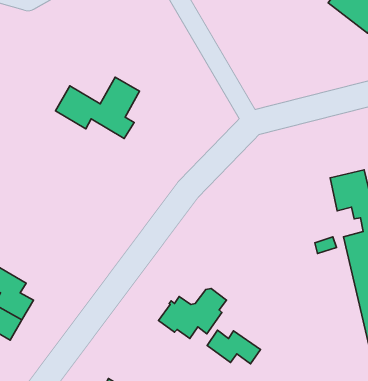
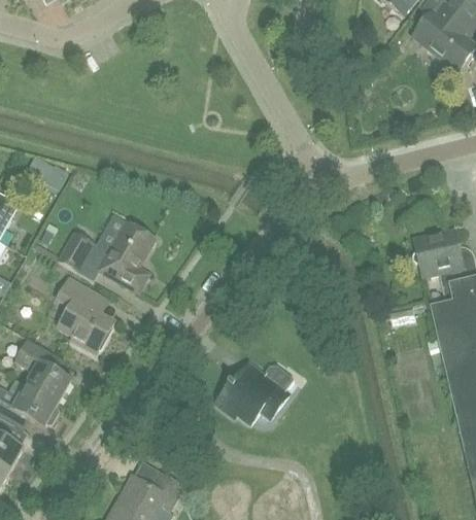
building: [55,77,139,139] -> [58,220,155,291]
building: none -> [58,276,115,352]
building: [207,330,260,364] -> none

